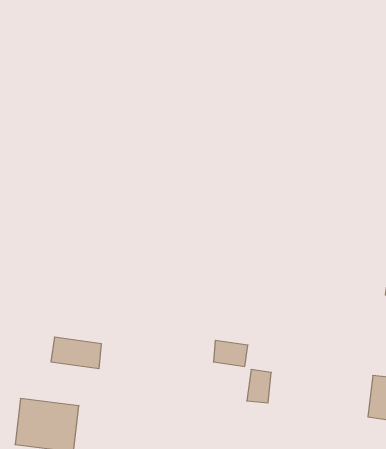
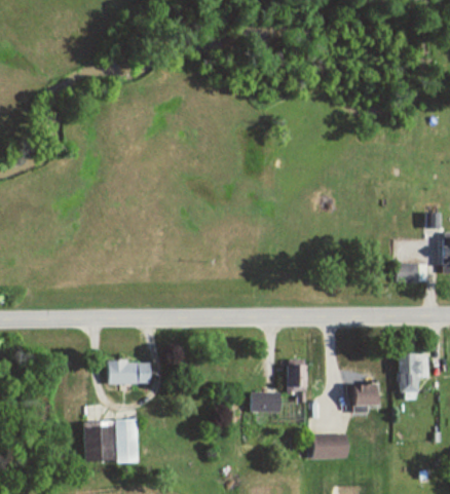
building: [213,340,248,366] -> [251,391,280,411]
building: none -> [351,384,378,412]

